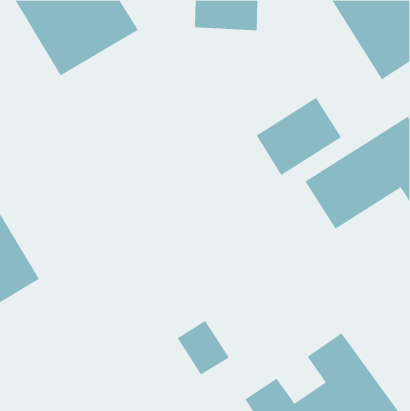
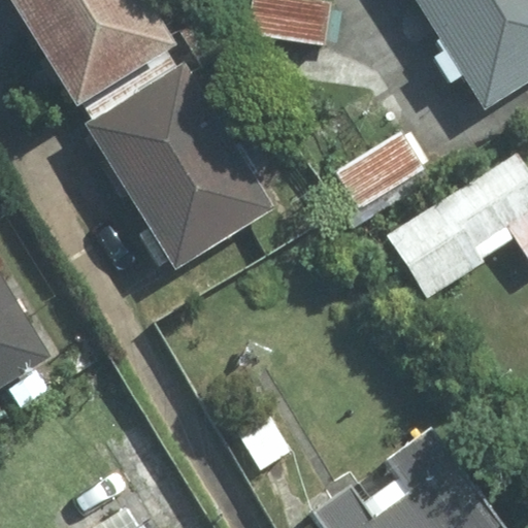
building: none -> [86,61,275,266]

